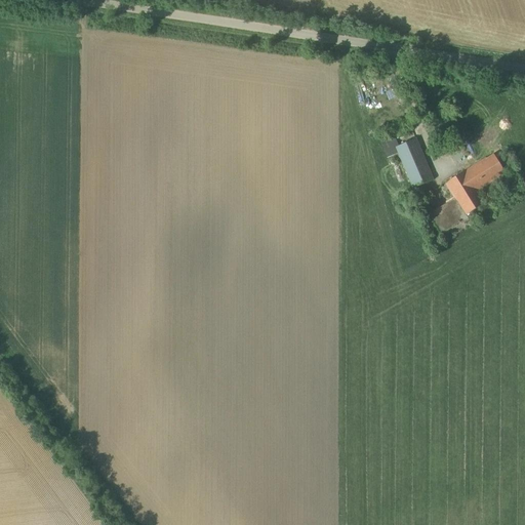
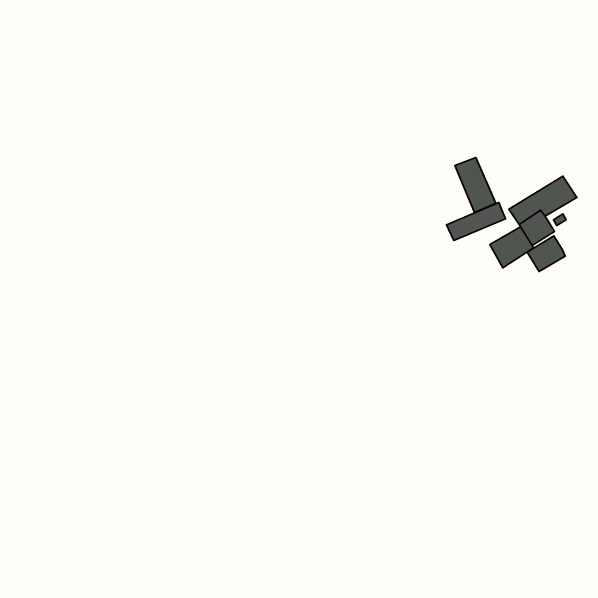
building: none -> [446,202,505,240]
building: none -> [527,236,565,271]

